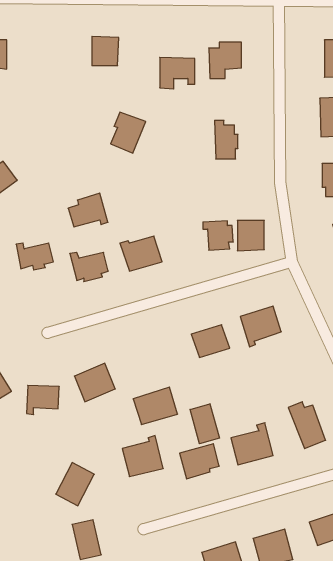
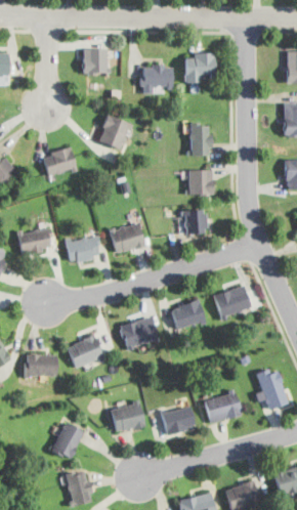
building: [68,193,108,227] -> [44,145,79,175]
building: [237,220,264,251] -> [189,170,213,197]
building: [133,387,178,425] -> [121,317,160,350]
building: [190,404,219,444] -> none

